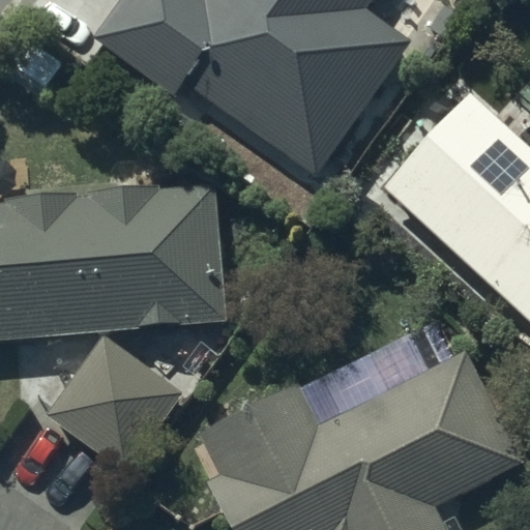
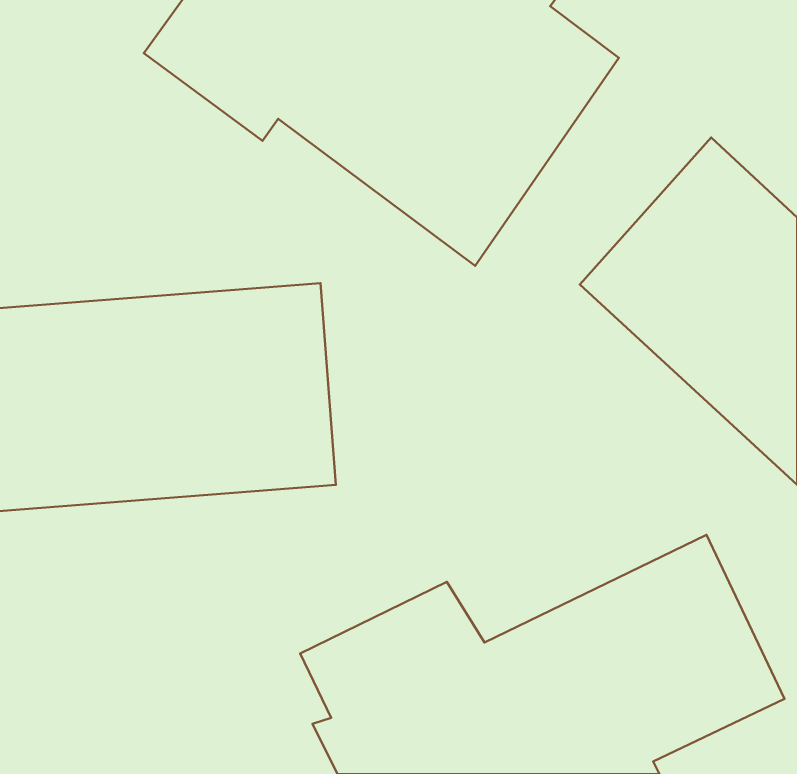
building: [48,335,179,468] -> none

